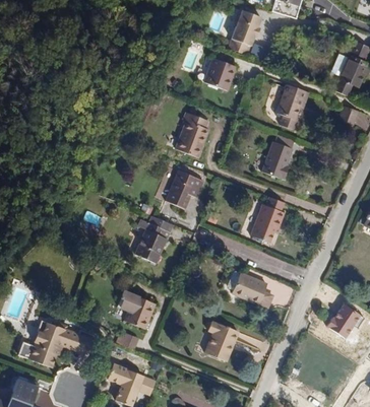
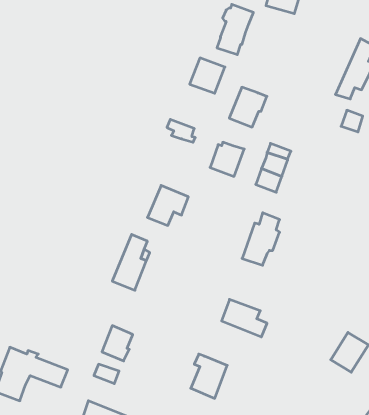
building: [274,83,308,119] -> [229,87,267,127]
building: [176,127,206,157] -> [210,142,244,176]

